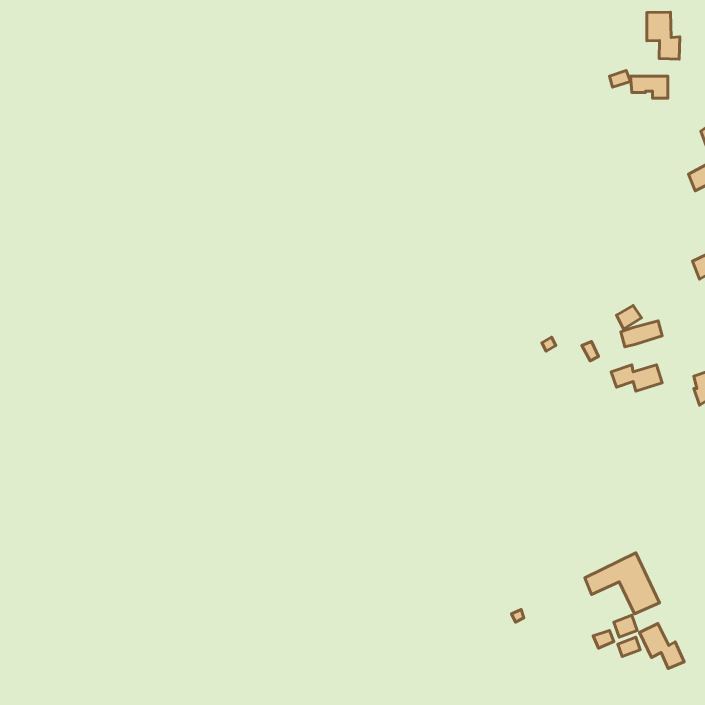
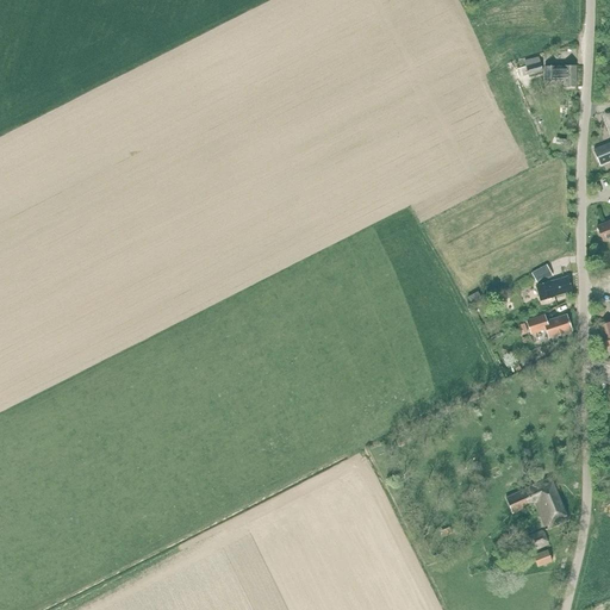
building: [647,12,680,59] -> none
building: [640,624,684,668] -> none

